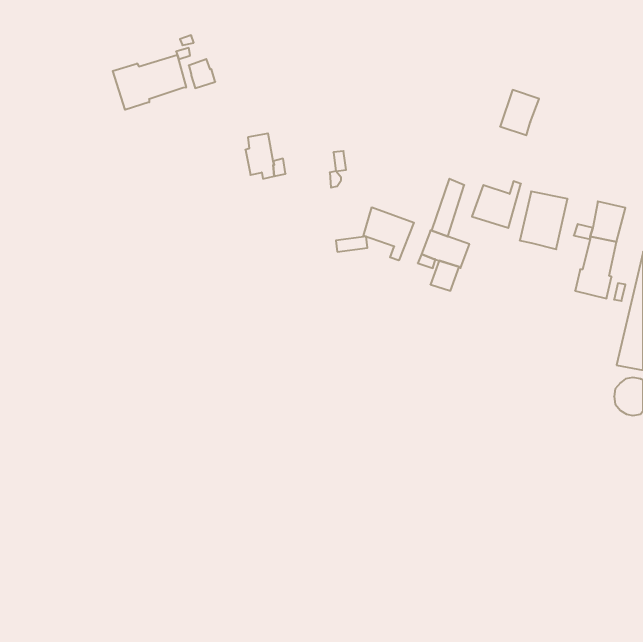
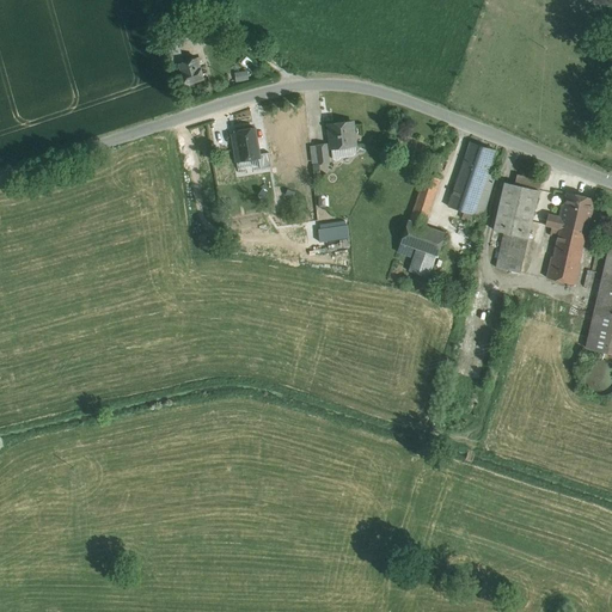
building: [113,55,186,110] -> none
building: [500,90,539,135] -> [459,141,496,184]
building: none -> [329,121,356,159]
building: [363,207,414,260] -> none
building: none -> [496,231,528,271]

